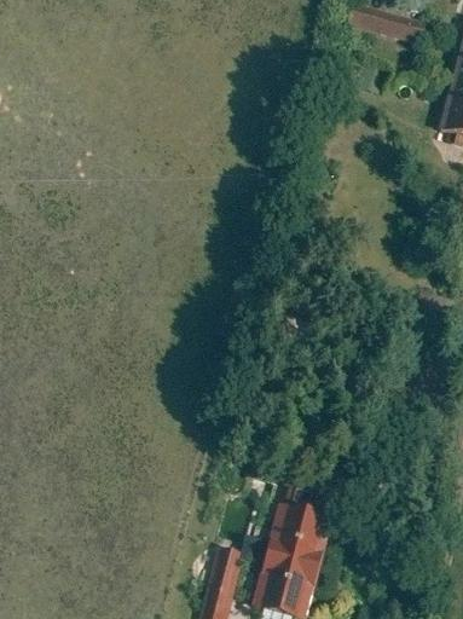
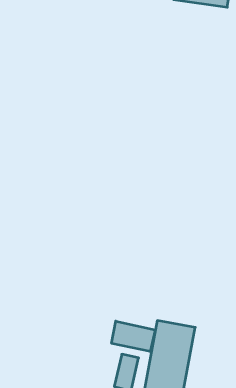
building: none -> [112,321,155,352]

